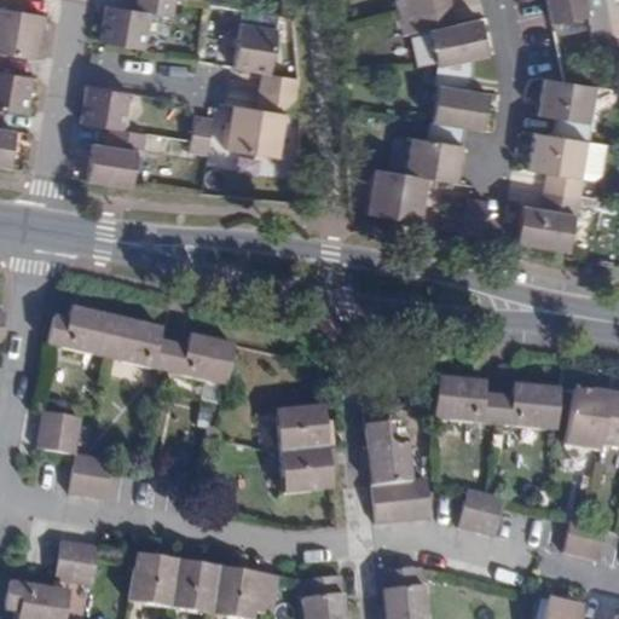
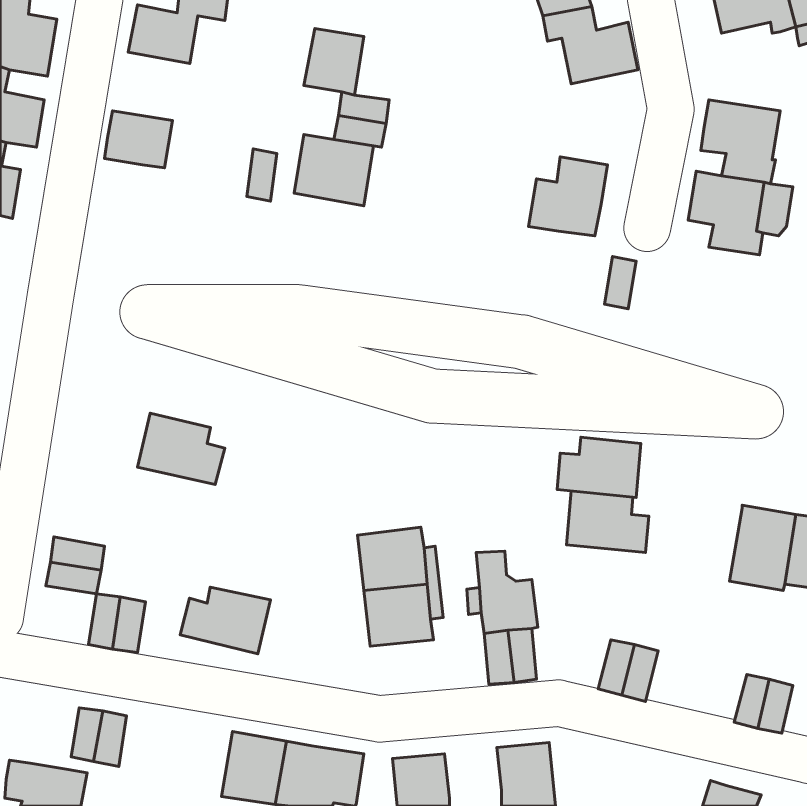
building: [429,57,488,128] -> none
building: [86,126,149,186] -> none
building: [368,167,428,221] -> none
building: [516,189,582,250] -> none
building: [48,306,116,357] -> none
building: [166,334,235,384] -> [180,587,270,654]
building: [494,382,559,428] -> [557,437,641,497]
building: [129,553,179,608] -> none

